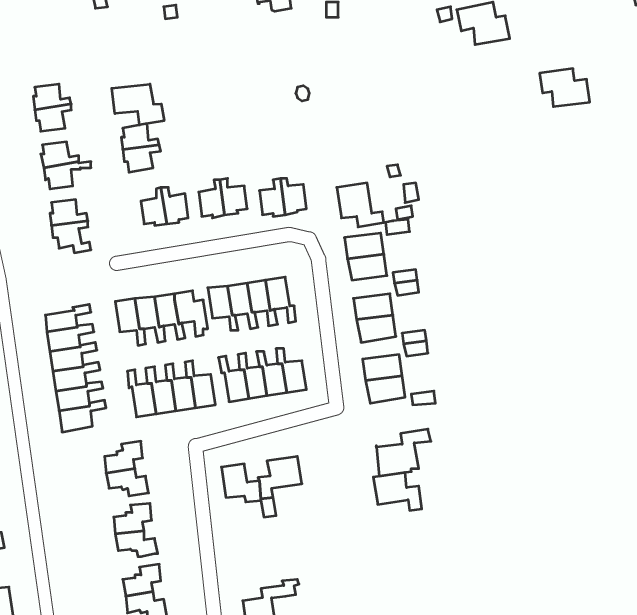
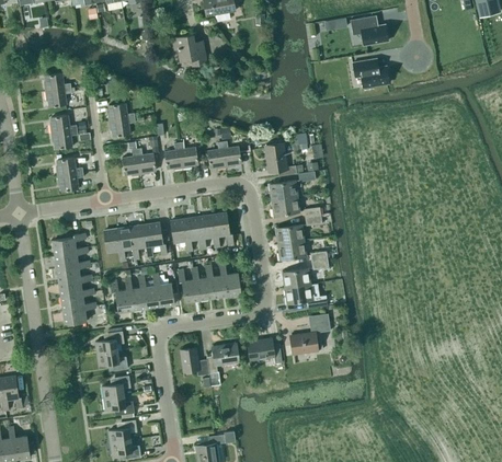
building: none -> [172,34,206,66]
building: [540,69,590,107] -> [352,59,388,86]
building: [112,84,164,125] -> none
building: [373,472,422,510] -> [248,336,283,363]

